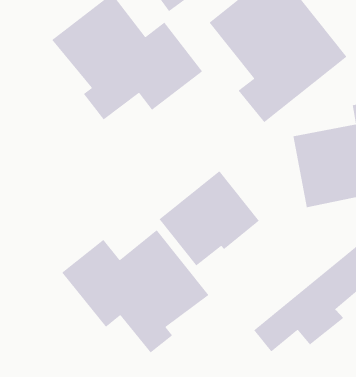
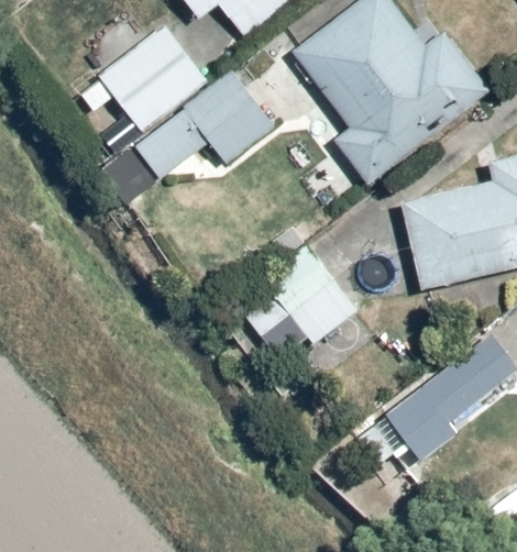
building: [61,229,209,354] -> none

